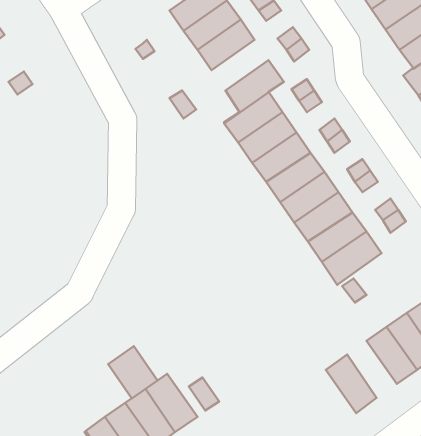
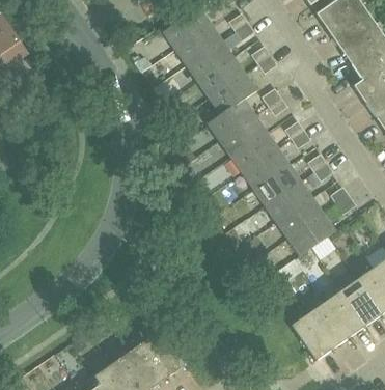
building: none -> [197,56,244,98]
building: none -> [308,302,349,349]
building: [108,346,158,398] -> none

